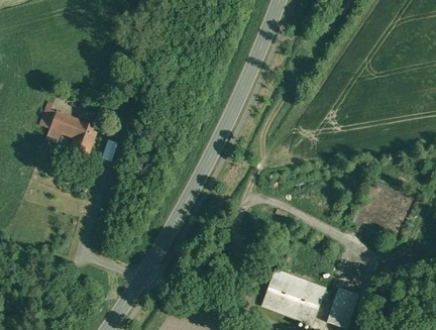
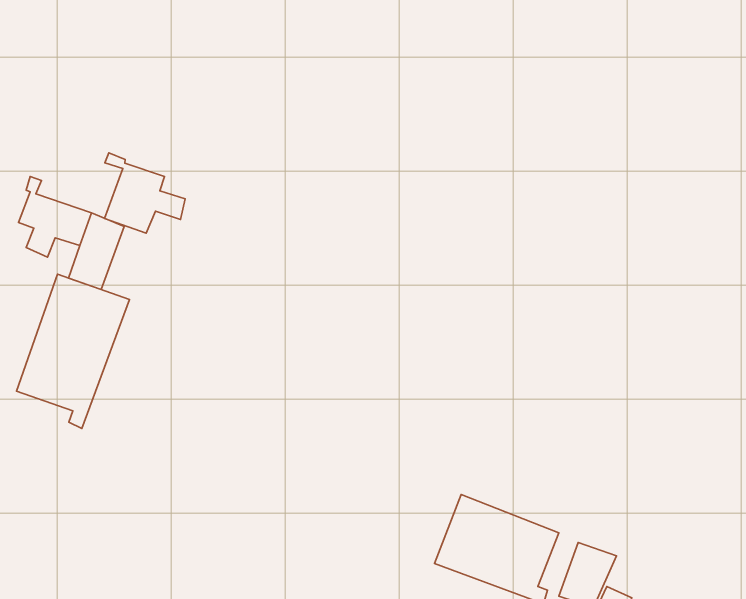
building: none -> [105,153,185,233]
building: none -> [17,274,130,428]

